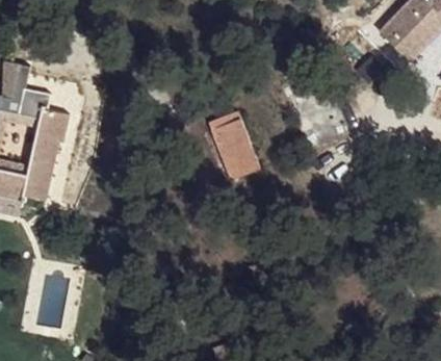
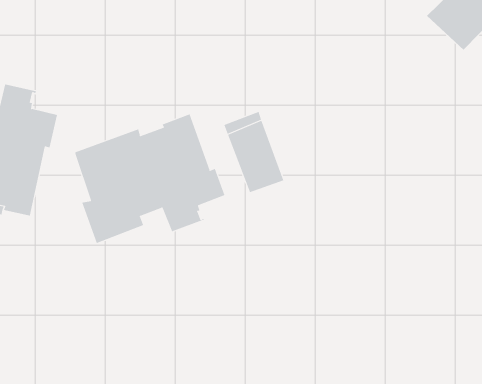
building: none -> [75,114,225,244]

